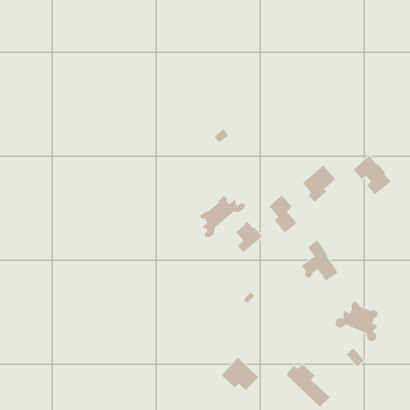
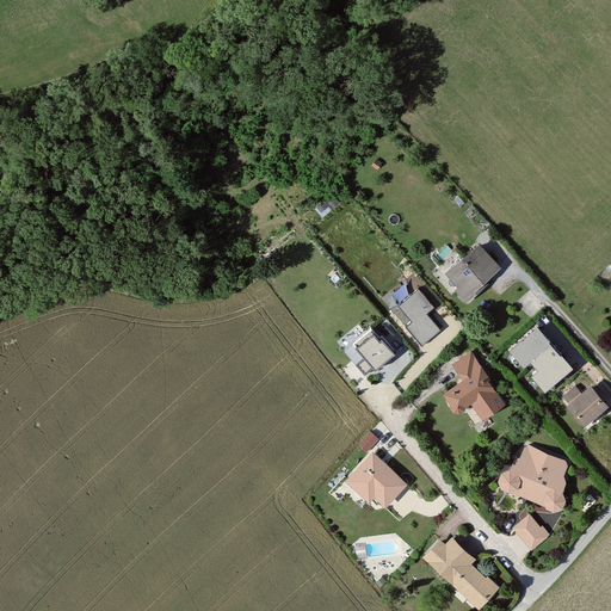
building: [353,155,391,195] -> [512,328,569,388]
building: [200,195,246,238] -> none
building: none -> [562,388,603,422]
building: [221,357,259,391] -> [350,455,406,505]

